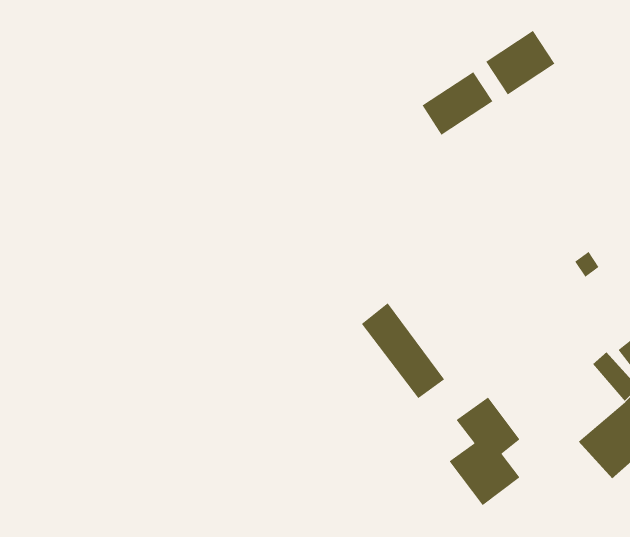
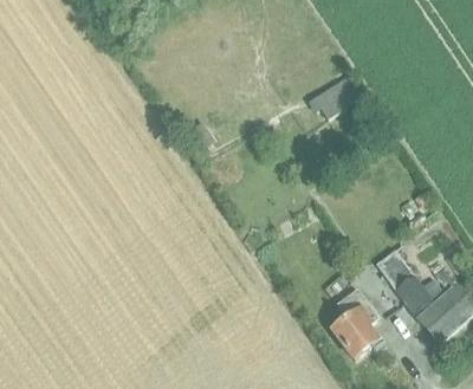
building: [485,30,556,95] -> none
building: [361,302,445,399] -> [375,248,430,312]

